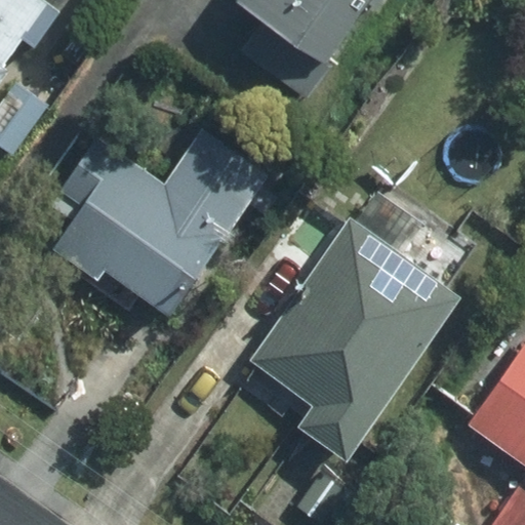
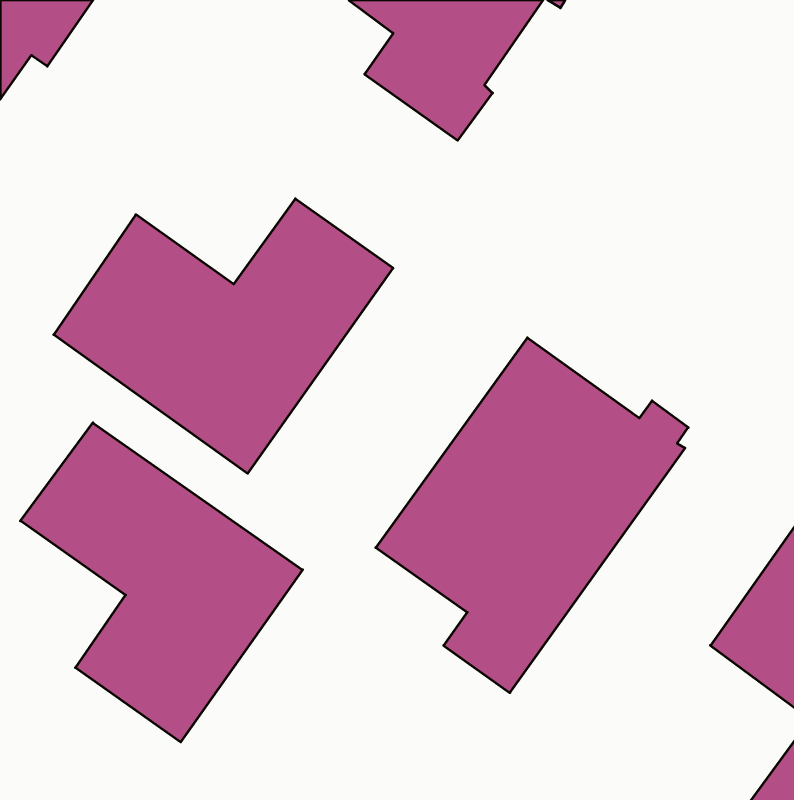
building: none -> [20,423,303,742]

